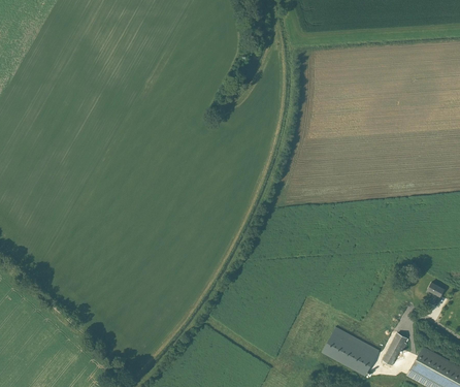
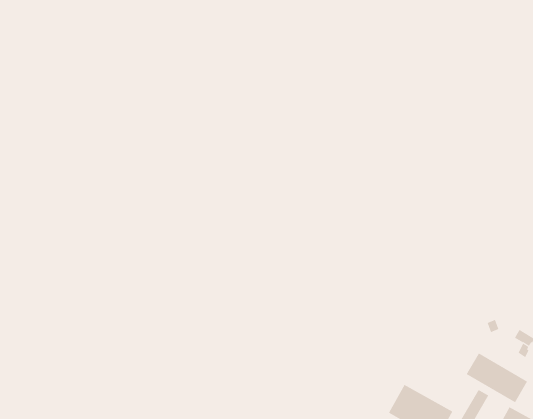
building: none -> [466,353,528,403]

